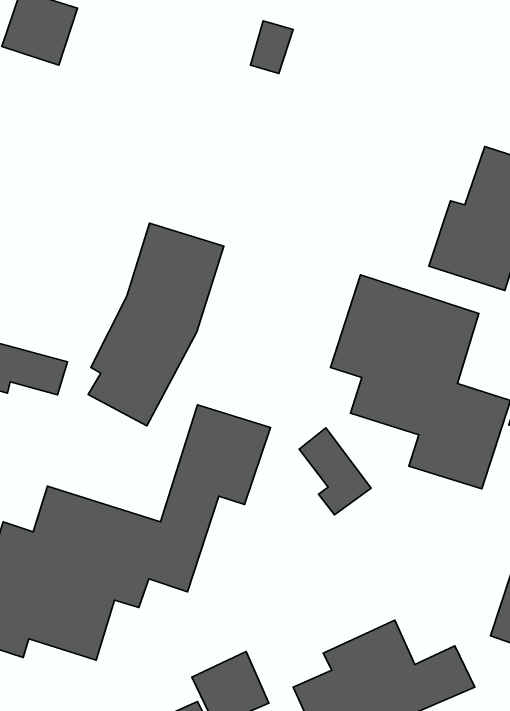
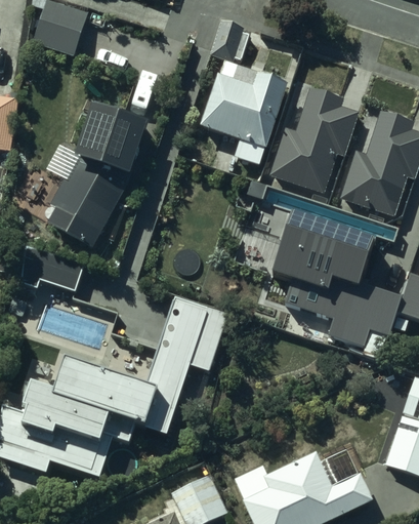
building: none -> [203,59,289,166]
building: none -> [269,86,357,192]
building: [88,223,224,426] -> [49,102,146,247]
building: [299,428,371,515] -> none

